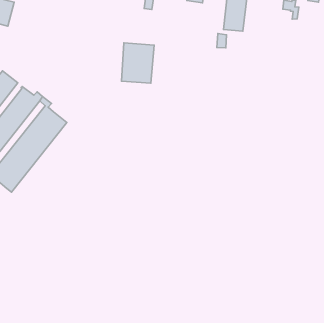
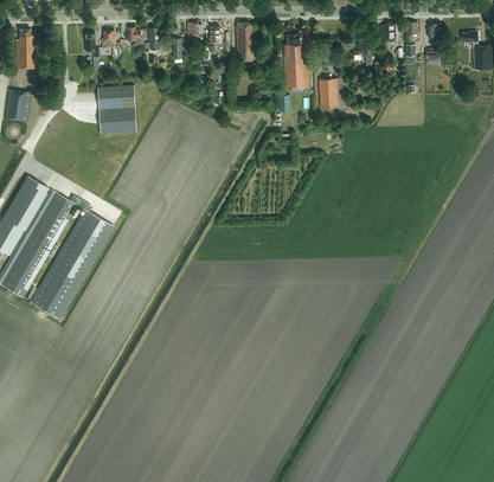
building: none -> [319,77,346,108]
building: [121,43,154,83] -> [97,84,136,133]

